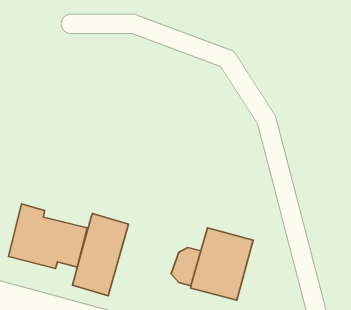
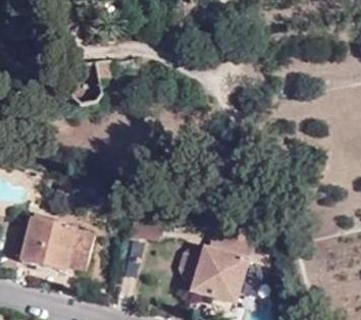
building: [72,213,128,296] -> none

